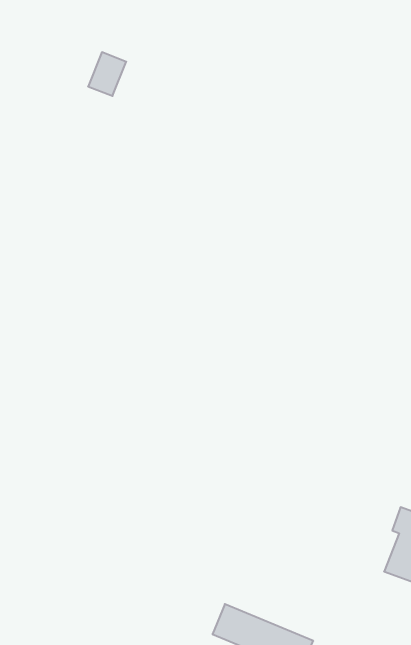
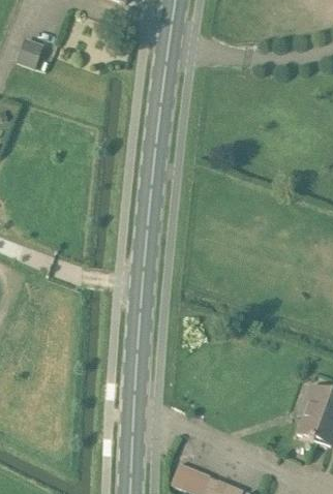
building: [88,52,126,96] -> [18,38,47,71]

